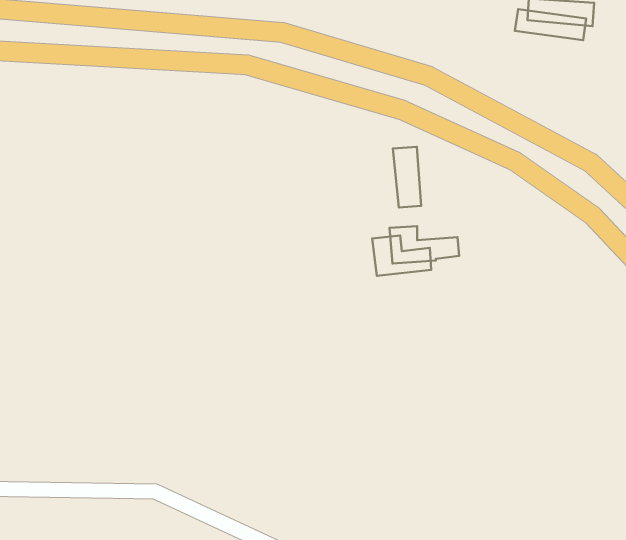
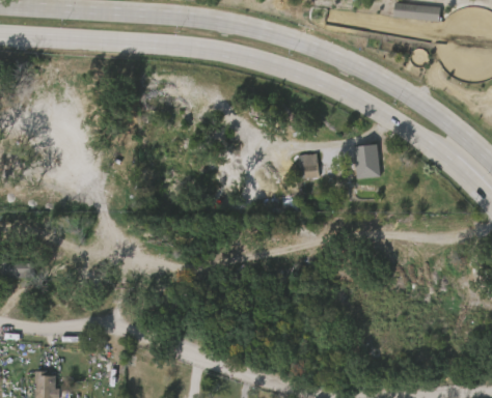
building: [393,147,421,207] -> none
building: none -> [353,144,379,175]

